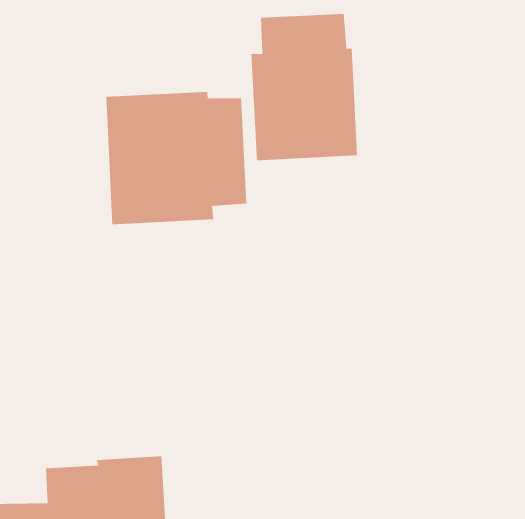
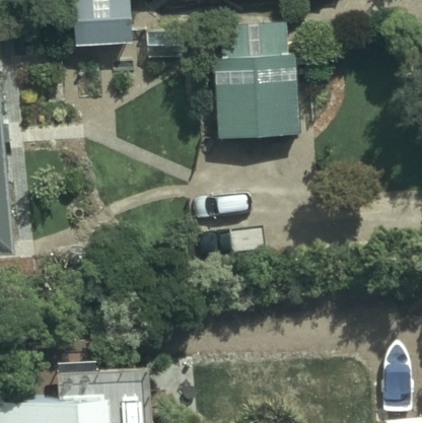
building: [106,91,247,225] -> none

